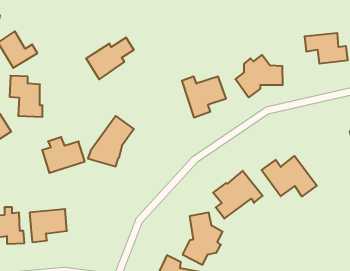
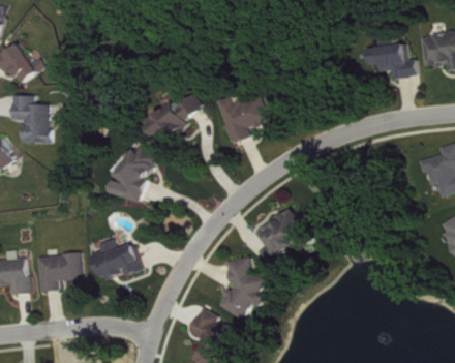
building: [86,38,134,79] -> [144,95,201,145]
building: [235,55,282,97] -> none
building: [42,137,85,173] -> [90,239,141,281]
building: [262,156,317,197] -> none

